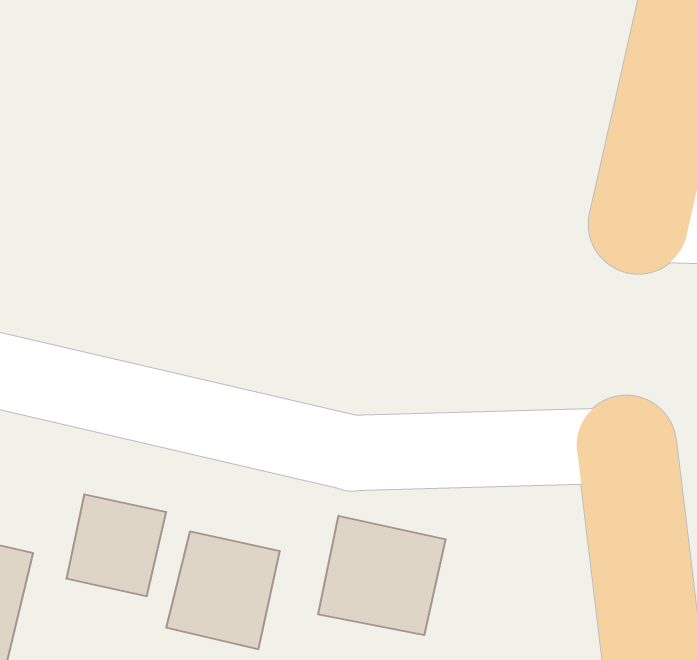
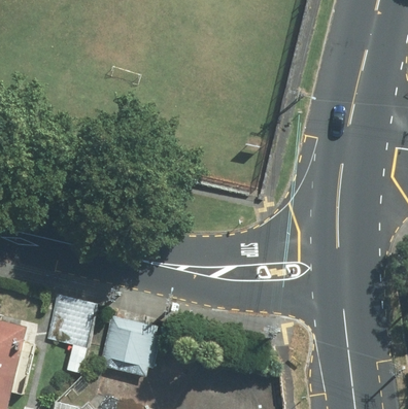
building: [318,516,446,635] -> none

